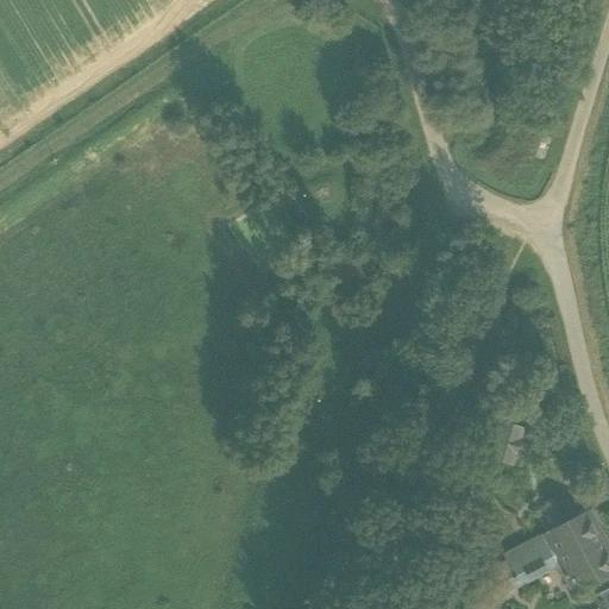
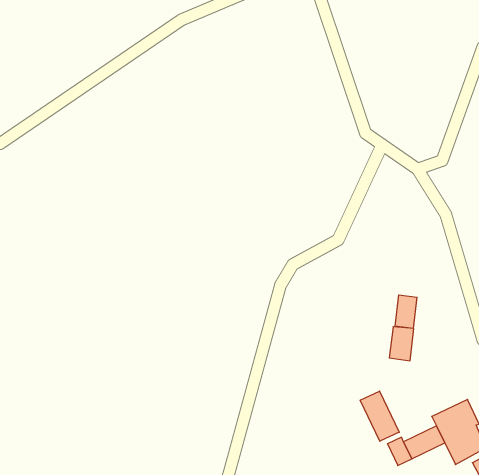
building: none -> [395,295,417,329]
building: none -> [360,391,399,441]

